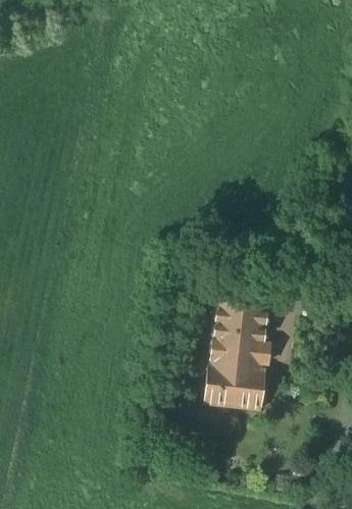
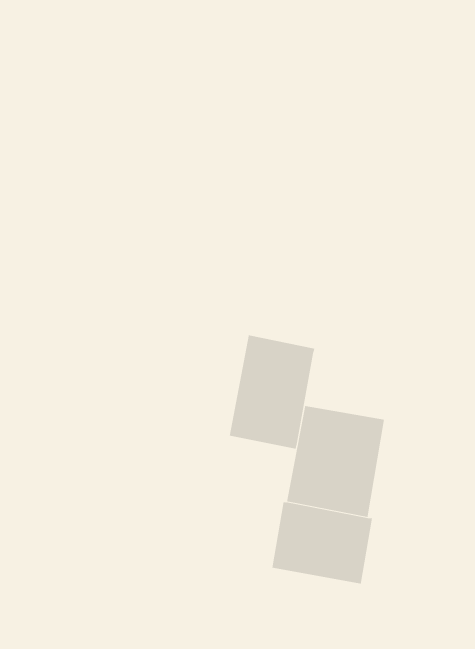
building: none -> [229,335,315,450]

